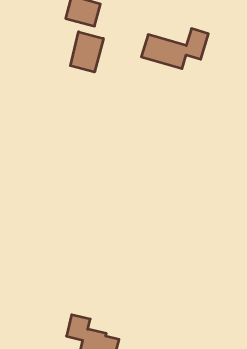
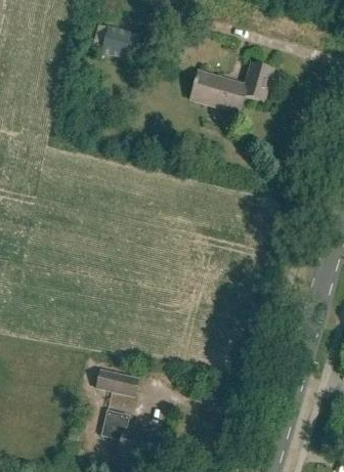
building: [70,32,103,72] -> none
building: none -> [96,366,139,394]

